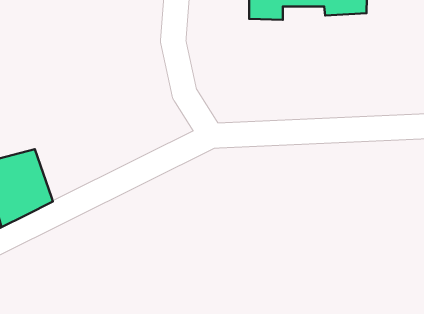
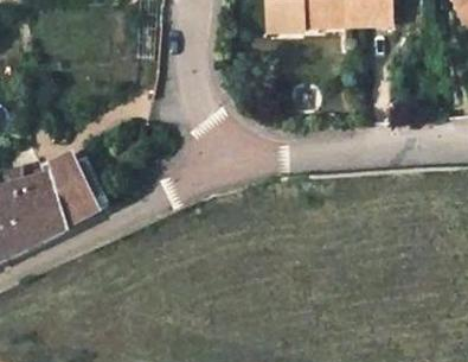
building: none -> [38,145,102,216]

